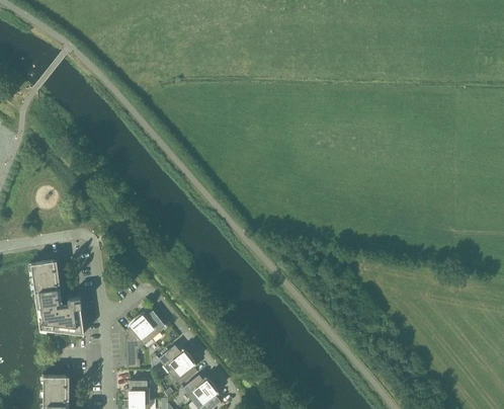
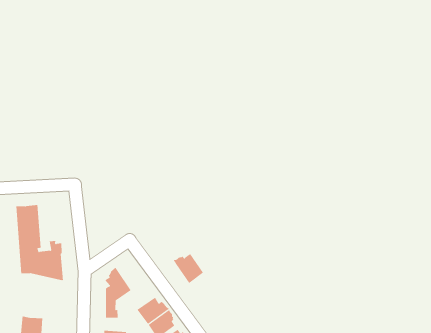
building: [135,309,166,339] -> [173,253,204,284]

